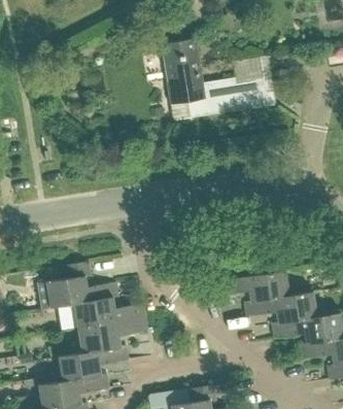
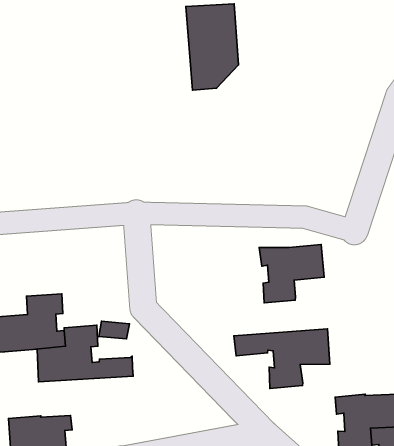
building: [187,77,267,118] -> none
building: [267,292,316,338] -> [259,245,324,303]
building: [76,317,147,364] -> none

